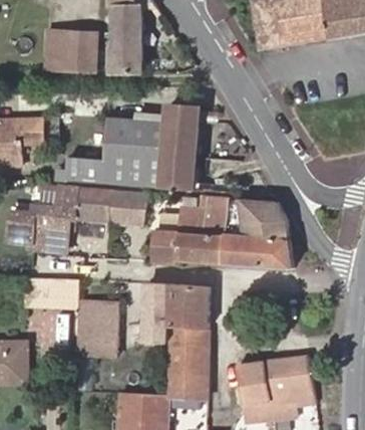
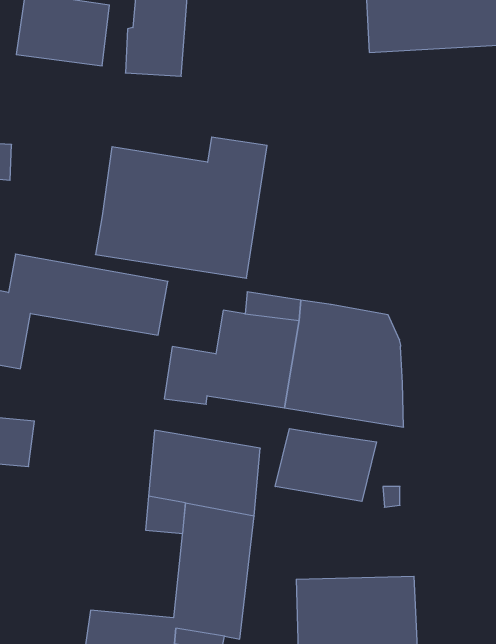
building: [62,156,104,181] -> none
building: none -> [275,429,377,501]
building: [85,297,119,346] -> none

